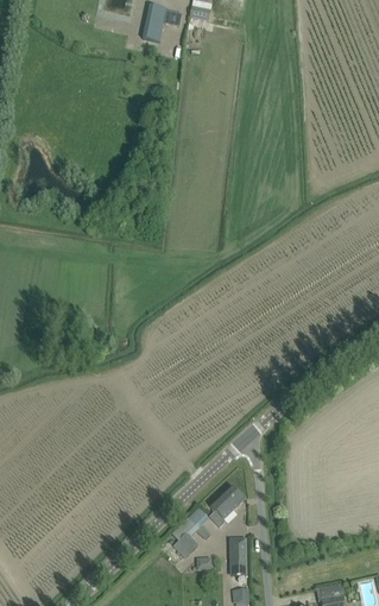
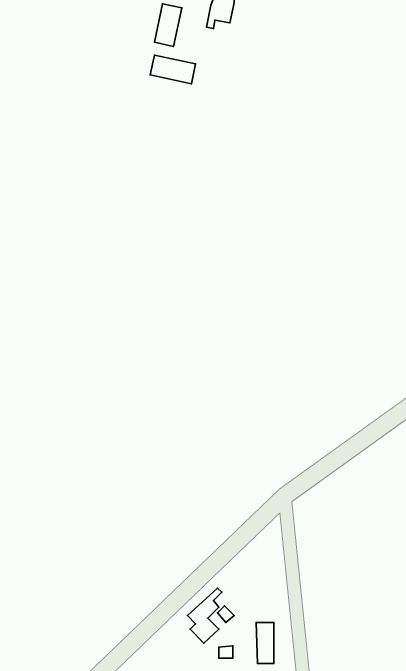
building: none -> [150,55,196,84]
building: [209,485,245,526] -> none

